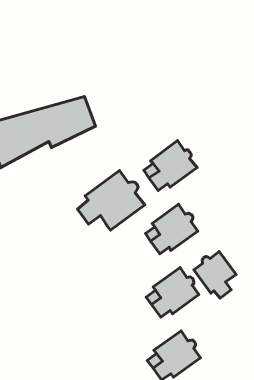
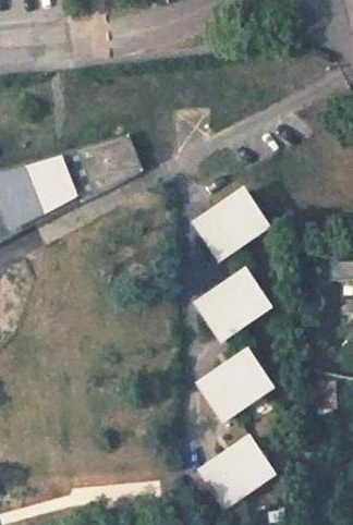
building: [77,170,145,230] -> none
building: [194,251,236,298] -> none

